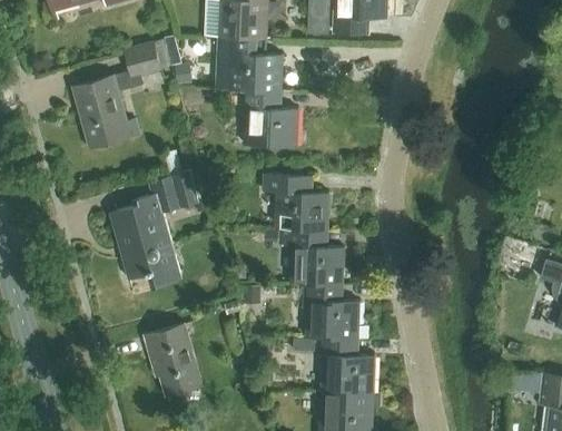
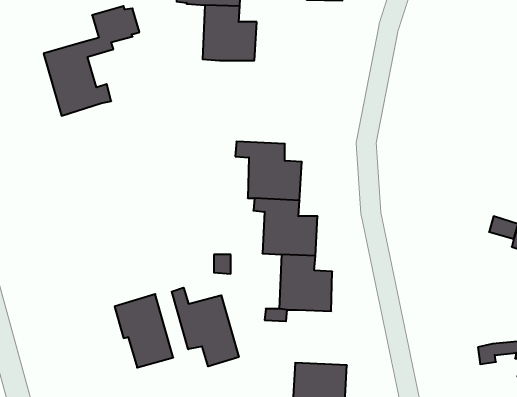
building: [246,94,298,147] -> none
building: [109,170,199,282] -> none
building: none -> [172,288,239,366]
building: [322,340,375,394] -> none

